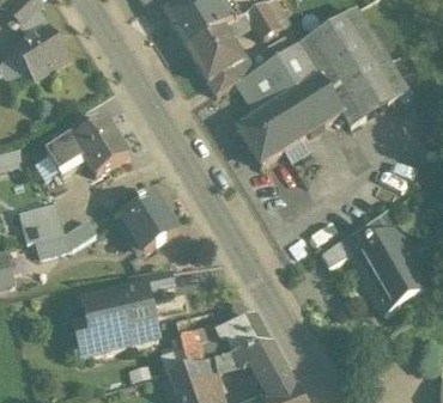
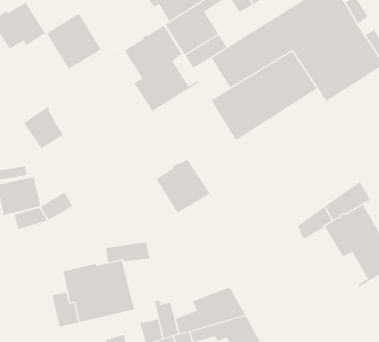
building: none -> [116,25,200,112]
building: [72,117,128,175] -> [46,13,102,70]
building: [121,195,176,250] -> [156,159,211,214]

